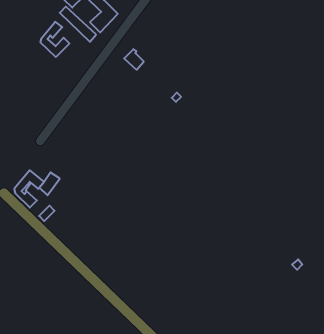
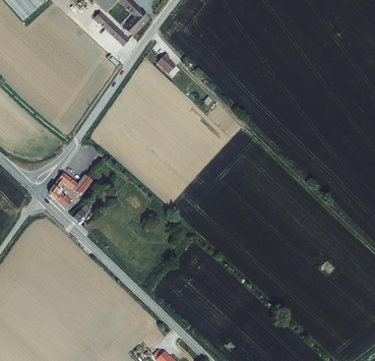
building: [40,22,69,57] -> none

